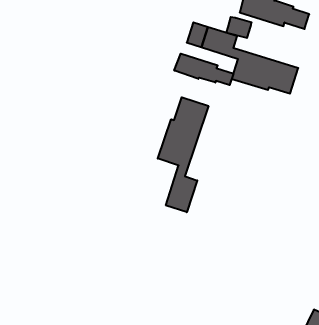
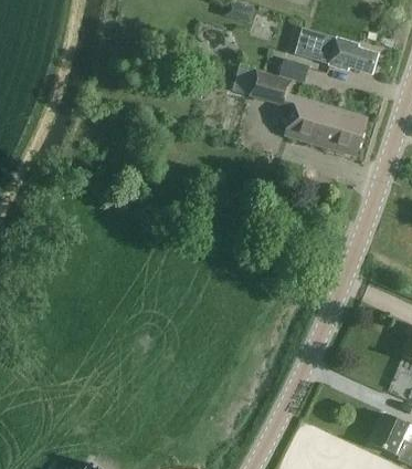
building: [174,54,233,85] -> none
building: [158,97,208,212] -> none

